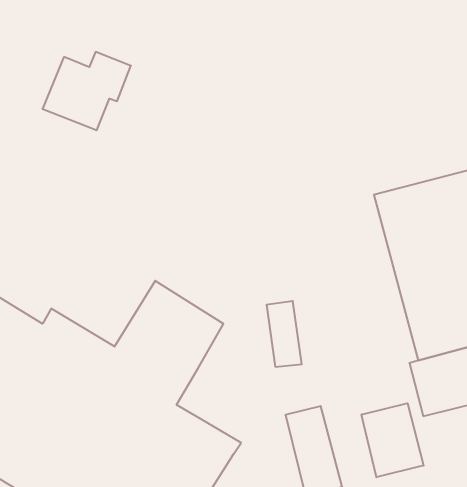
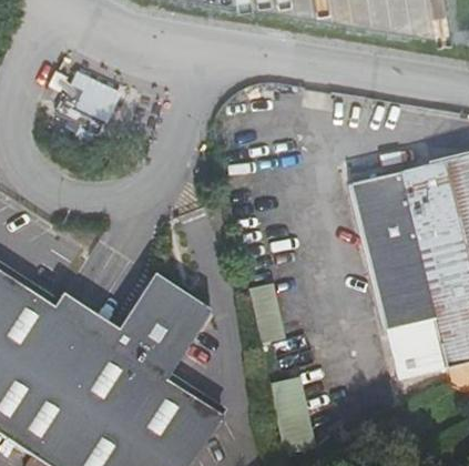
building: [362,403,424,477] -> none

